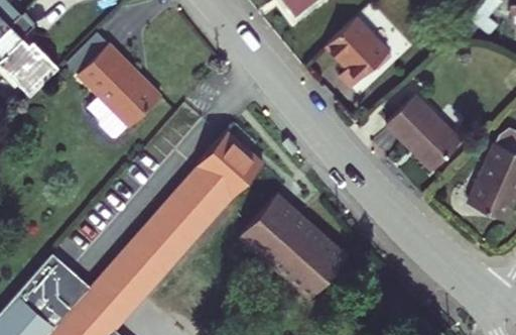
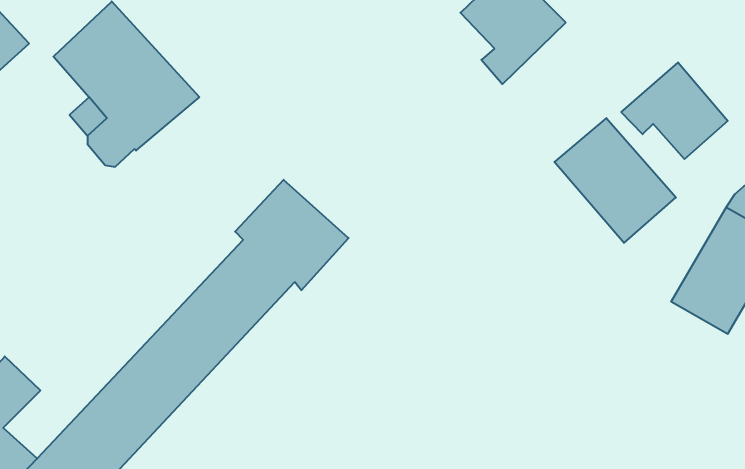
building: none -> [621,62,728,159]
building: [236,206,344,310] -> none

